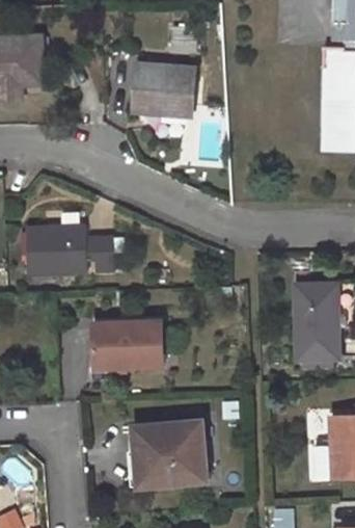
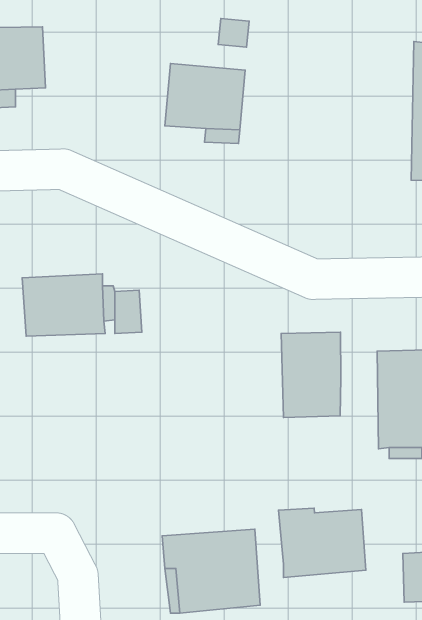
building: none -> [281,332,341,418]
building: [92,320,164,367] -> none
building: none -> [278,508,366,577]

